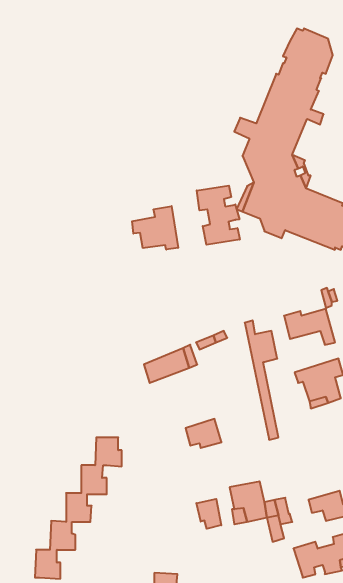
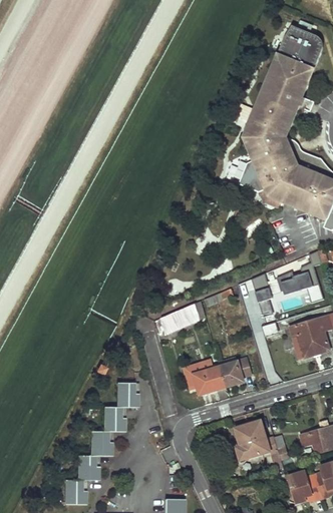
building: [197,186,240,245] -> none
building: [132,206,178,250] -> none
building: none -> [220,359,250,385]
building: [196,499,221,529] -> none

